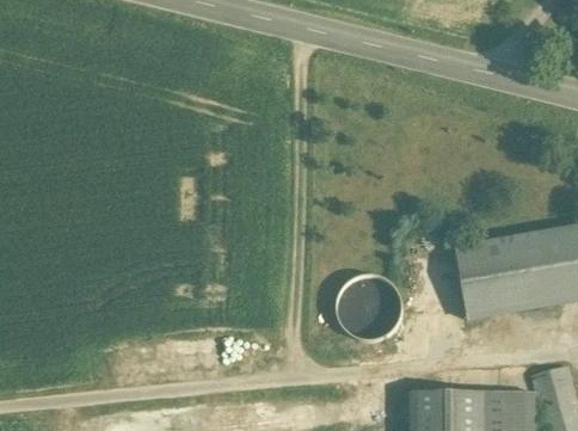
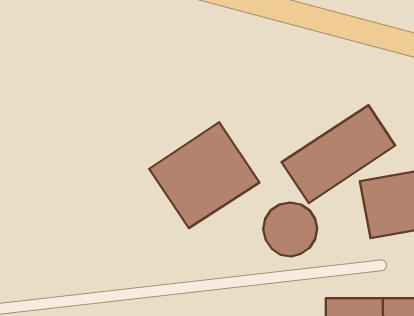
building: none -> [282,105,395,203]
building: none -> [149,122,259,228]

